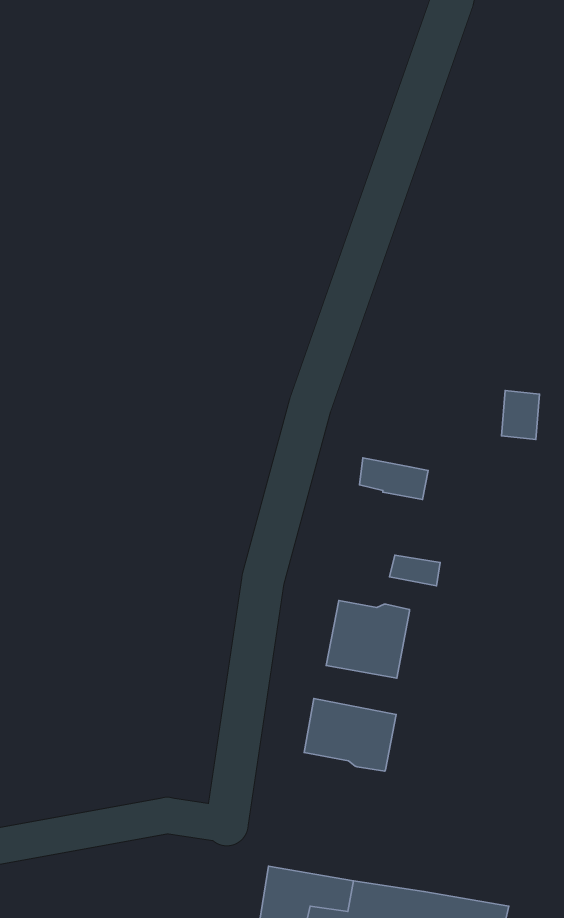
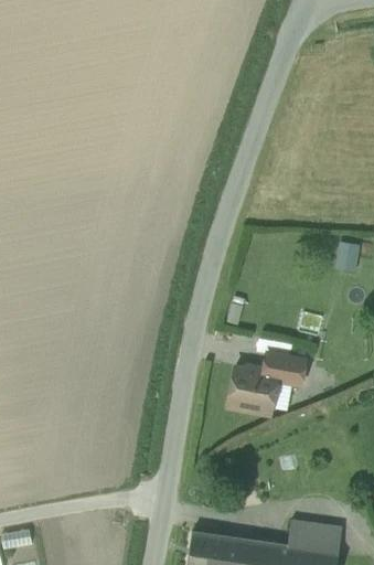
building: [359,458,428,499] -> [264,354,306,380]
building: [304,698,396,771] -> none
building: none -> [287,522,342,555]

